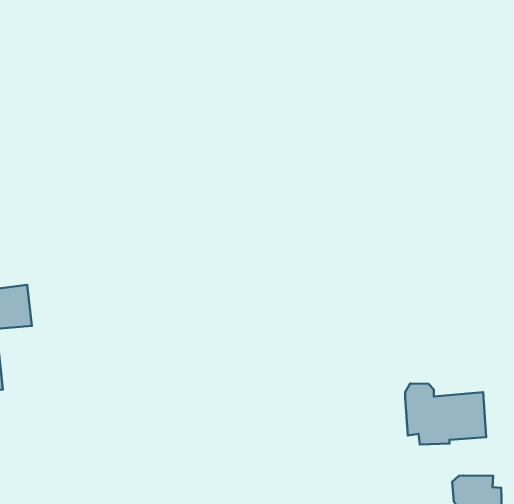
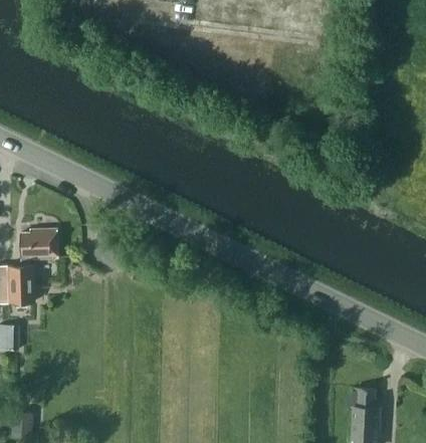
building: [405,383,486,445] -> none

